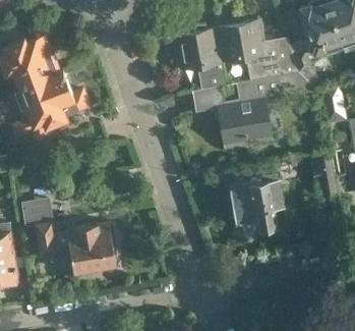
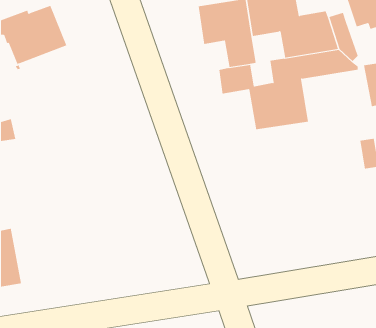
building: [12,69,88,137] -> none
building: [231,174,281,229] -> none
building: [21,201,116,273] -> none

